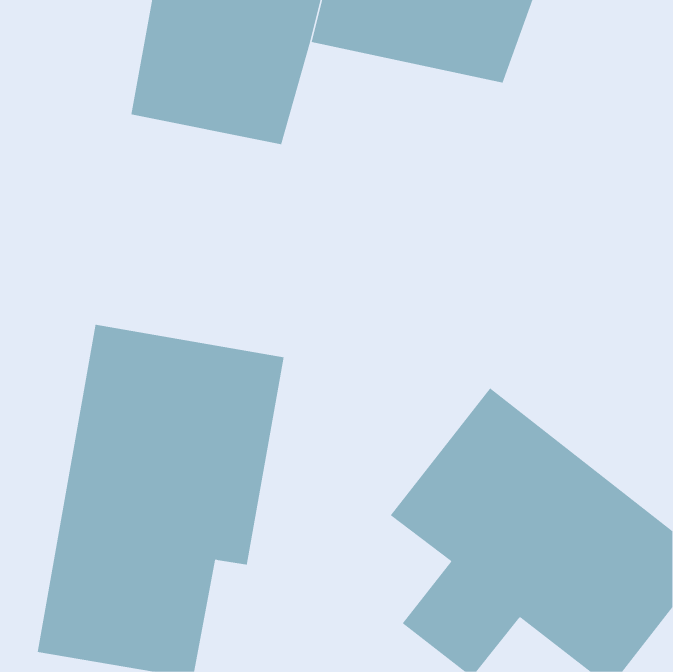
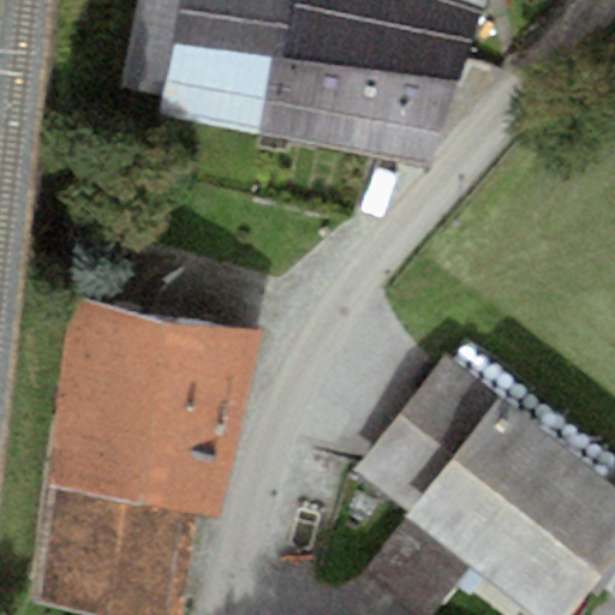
building: none -> [257,38,459,163]

